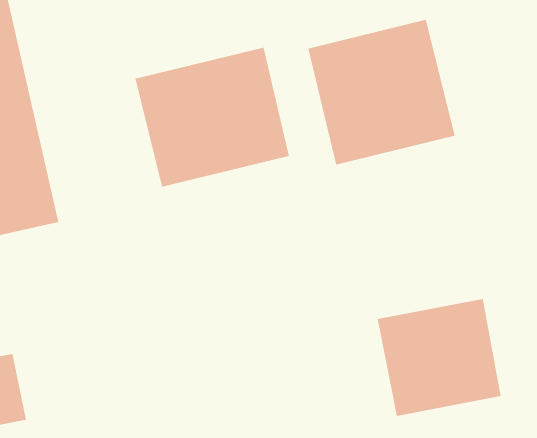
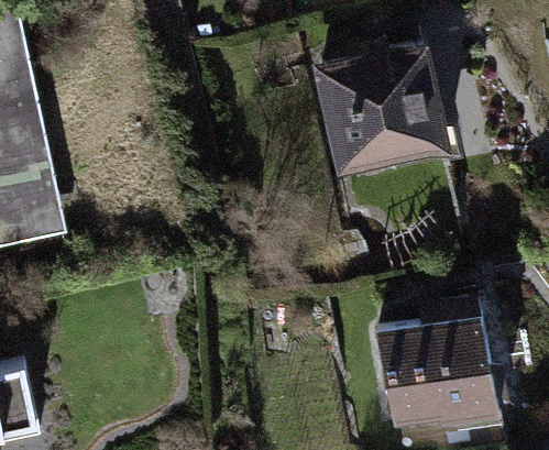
building: [135,47,290,187] -> none

